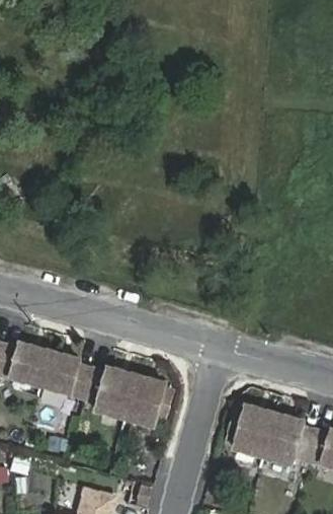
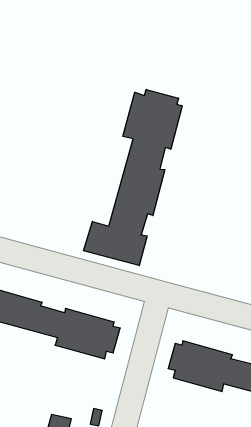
building: none -> [84,89,182,266]

